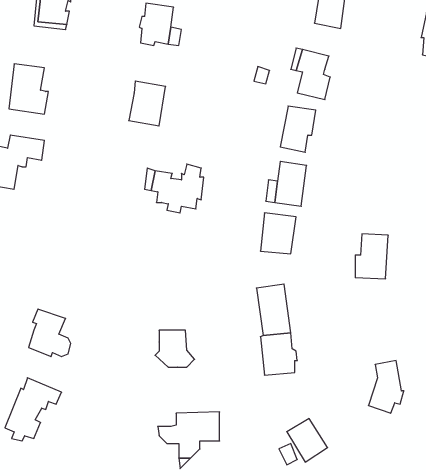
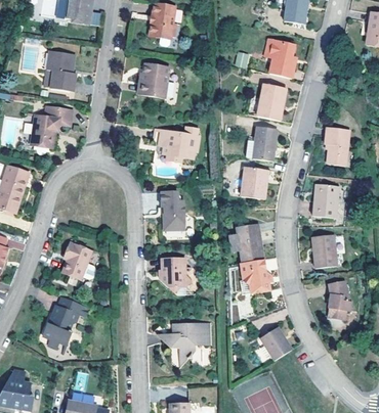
building: none -> [328,126,352,166]
building: none -> [160,193,182,230]
building: none -> [315,233,342,267]

